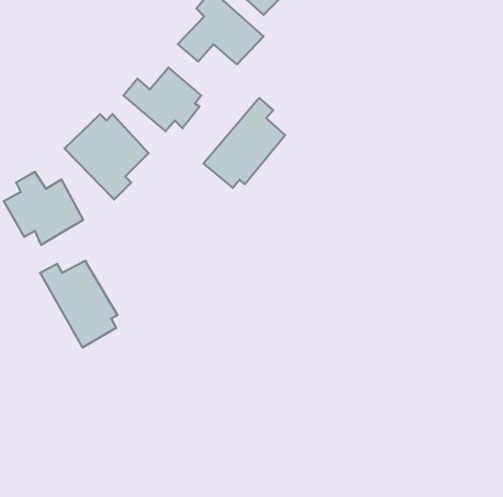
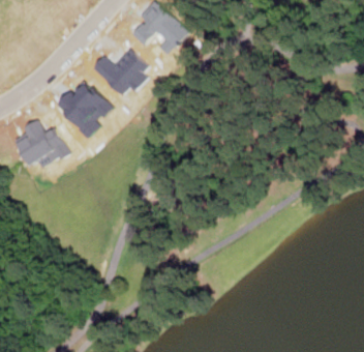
building: [203,98,285,188] -> none
building: [40,261,117,347] -> none

